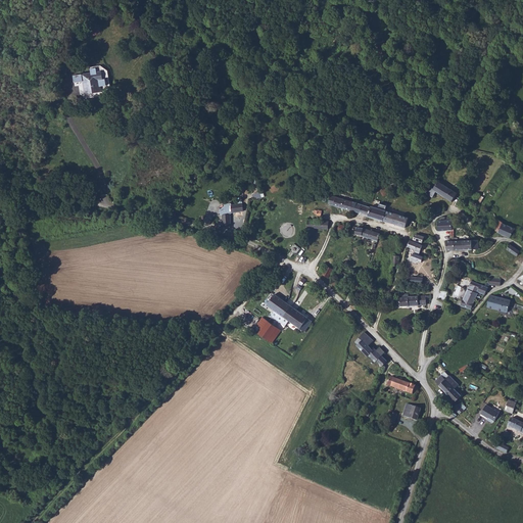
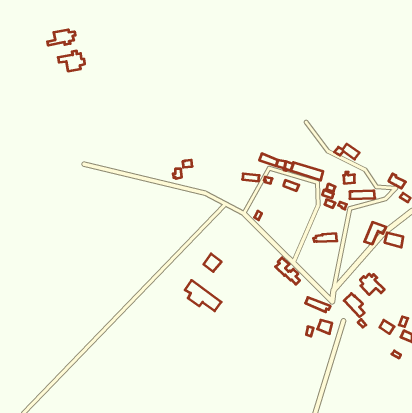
building: none -> [47,30,75,45]
building: [266,293,312,332] -> [185,280,221,311]
building: none -> [360,274,384,295]

